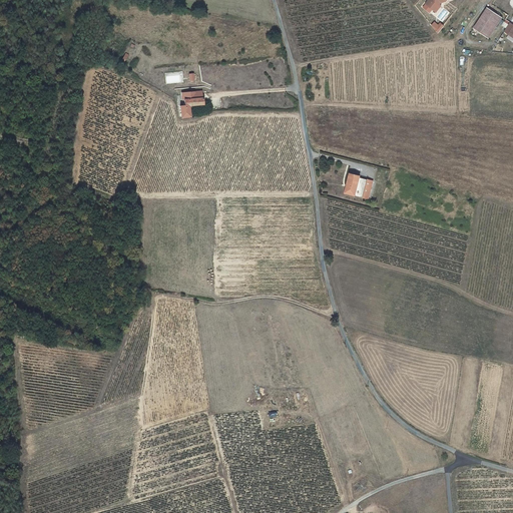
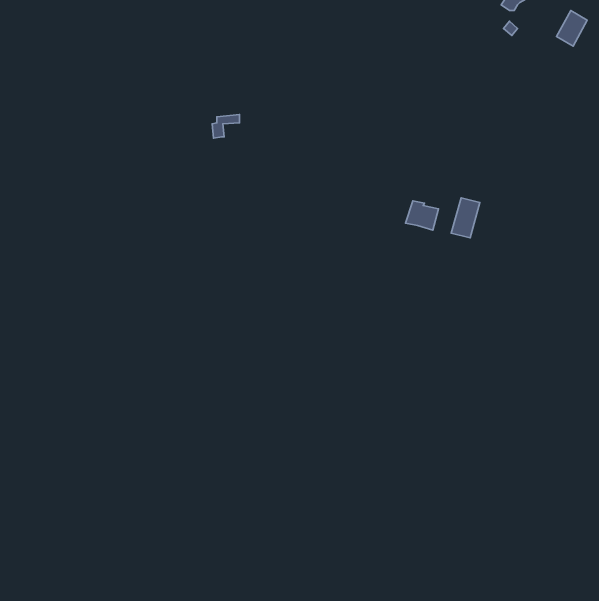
building: none -> [451,198,480,238]

